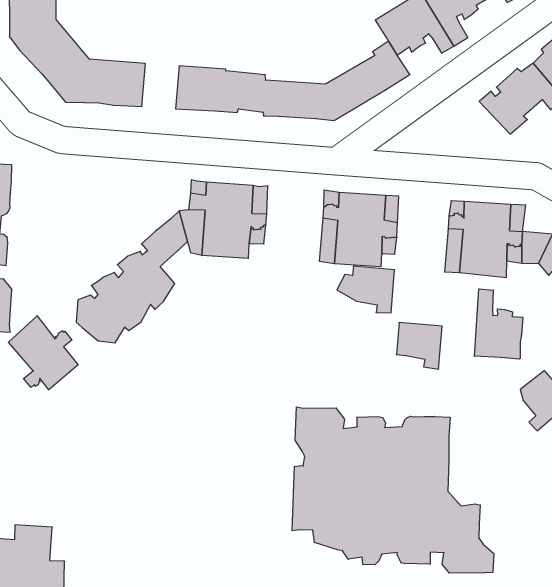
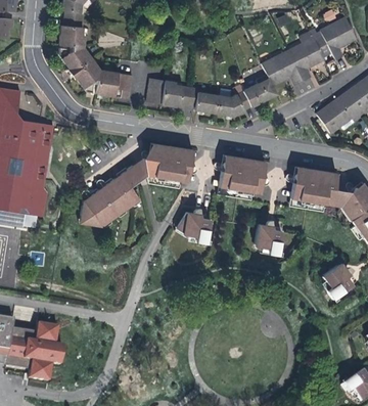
building: [337,266,395,313] -> [176,217,209,244]
building: [474,289,523,359] -> none
building: [8,316,78,390] -> none
building: [292,407,494,573] -> none

